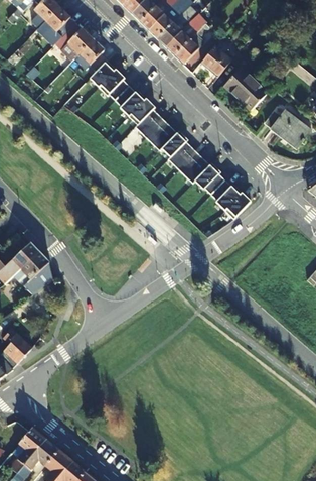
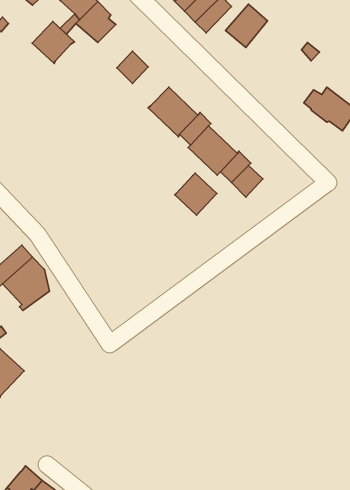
building: [90,62,125,97] -> [32,21,74,64]
building: [224,69,267,111] -> none
building: [120,92,154,126] -> none
building: [215,186,251,221] -> [175,173,217,215]

